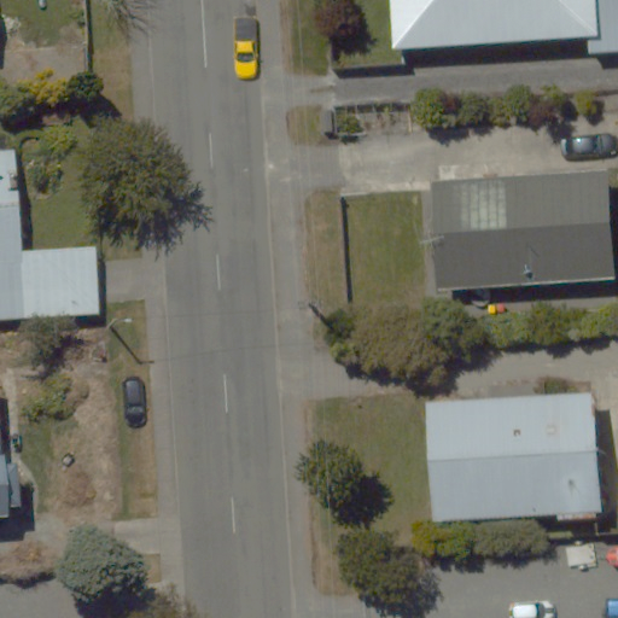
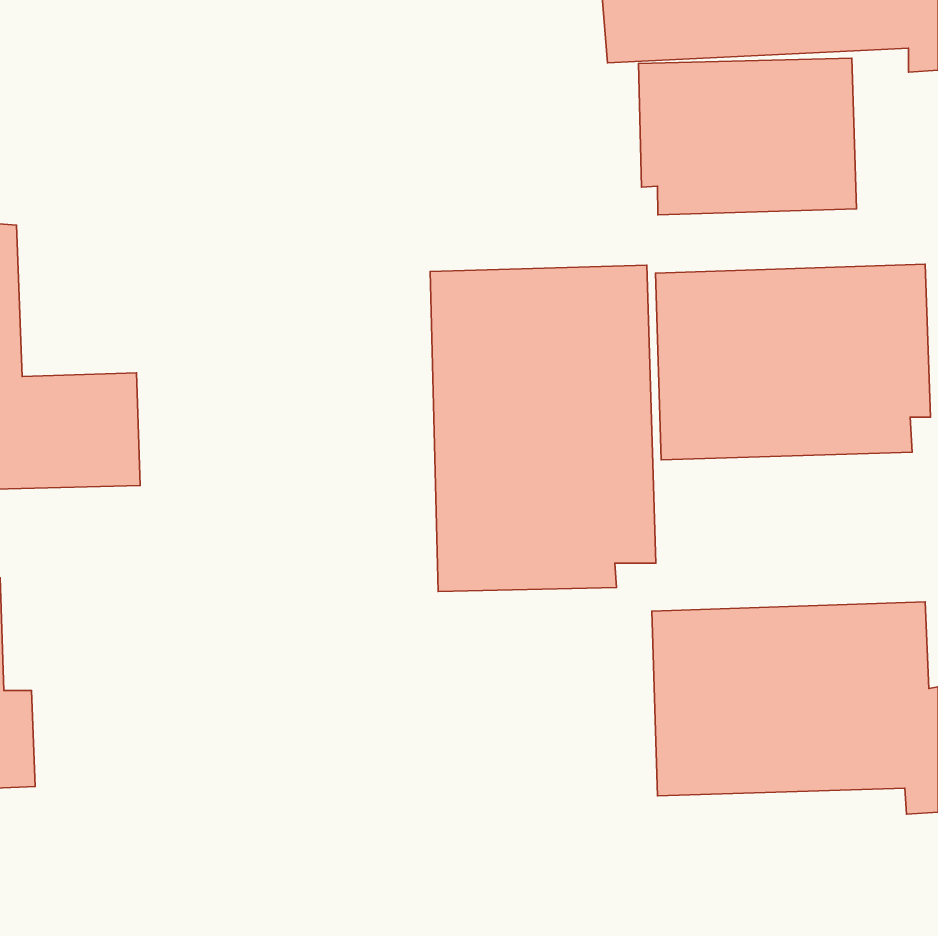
building: none -> [639,58,856,215]
building: none -> [430,265,656,592]

